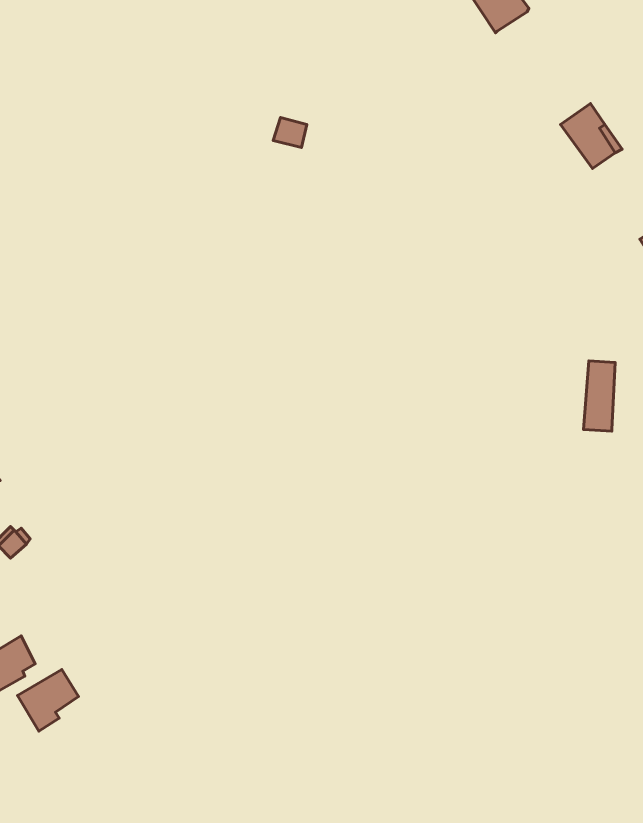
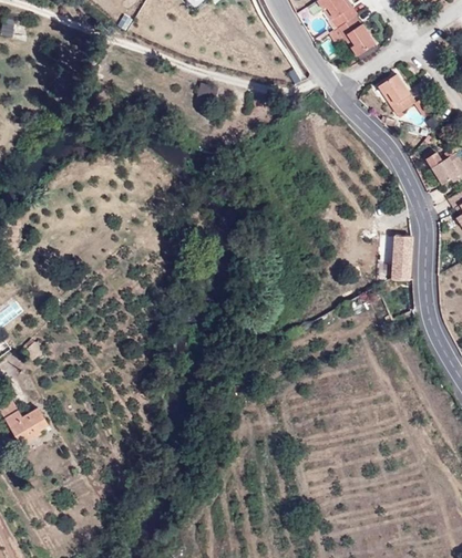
building: none -> [338,16,376,56]
building: [17,669,78,731] -> none

